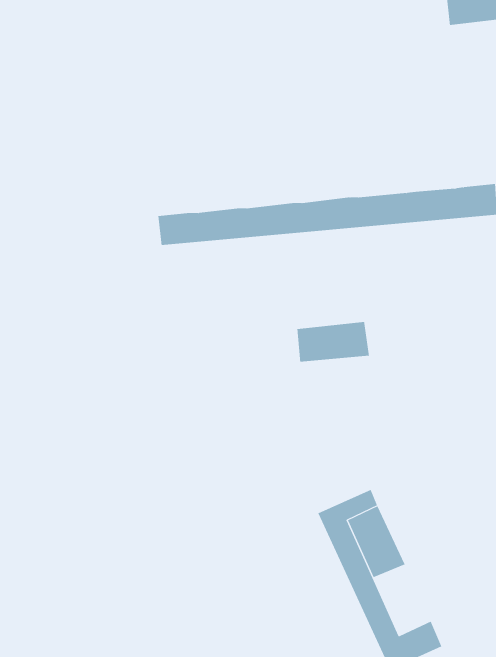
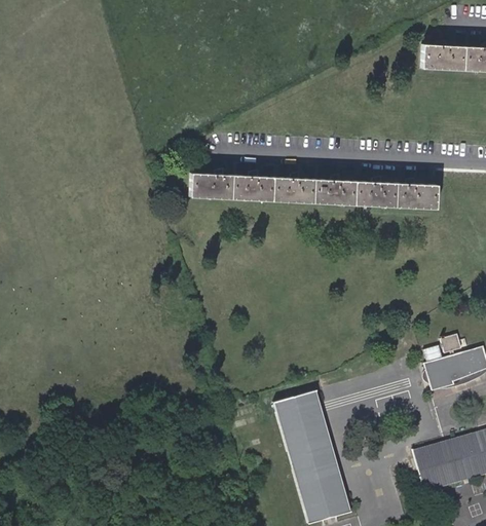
building: [297,321,369,363] -> none
building: none -> [308,449,345,499]

